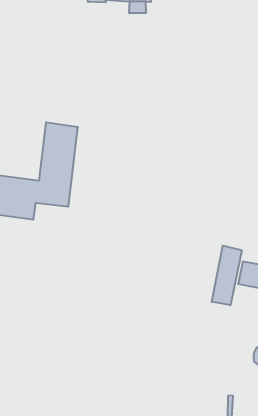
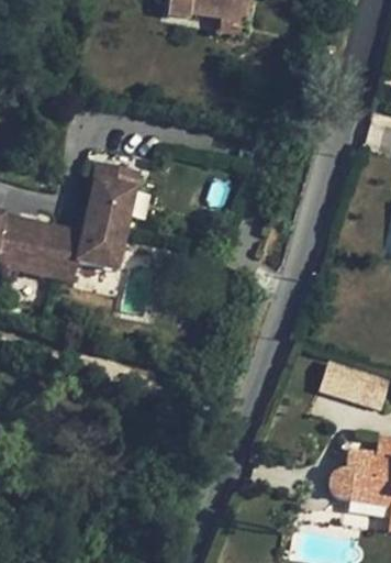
building: [212,246,242,305] -> none

